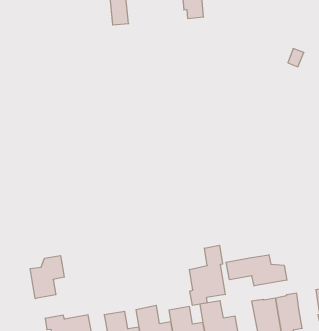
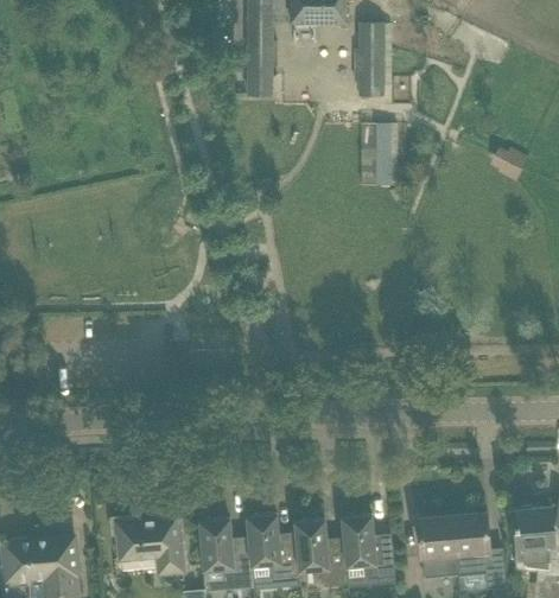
building: none -> [362,121,400,182]
building: [189,245,225,305] -> none
building: [226,255,287,286] -> none
building: [30,256,64,299] -> none

